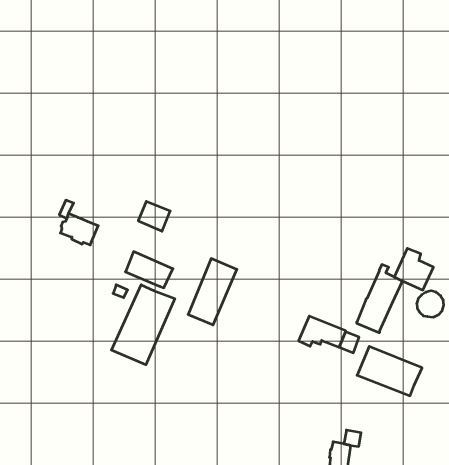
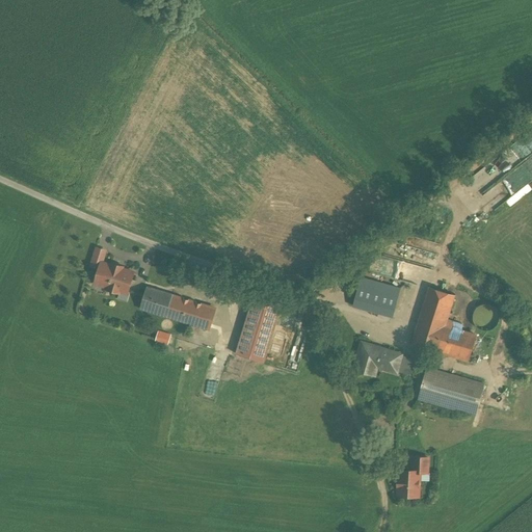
building: [138,201,170,231] -> [140,288,172,317]
building: [394,248,433,290] -> [436,319,476,361]
building: none -> [352,278,400,317]
building: [111,285,175,365] -> none

